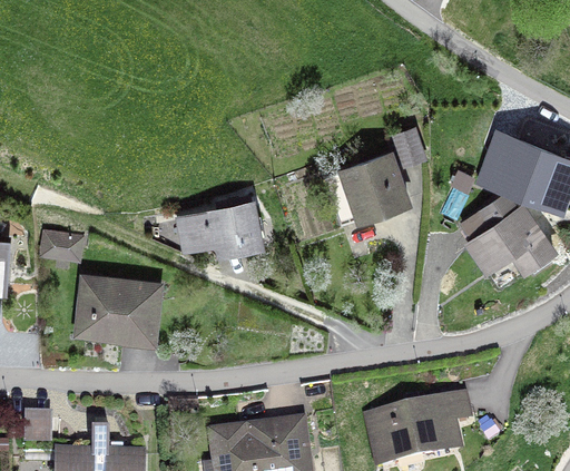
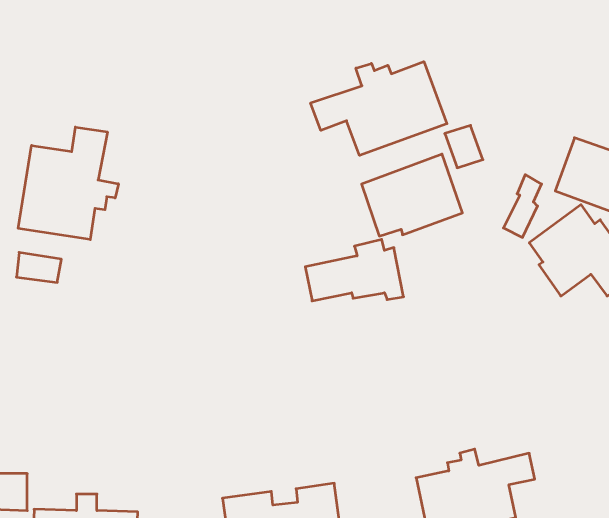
building: none -> [311,62,447,155]
building: none -> [18,127,118,240]
building: [179,196,259,246] -> [305,239,404,301]
building: [81,276,158,340] -> none

